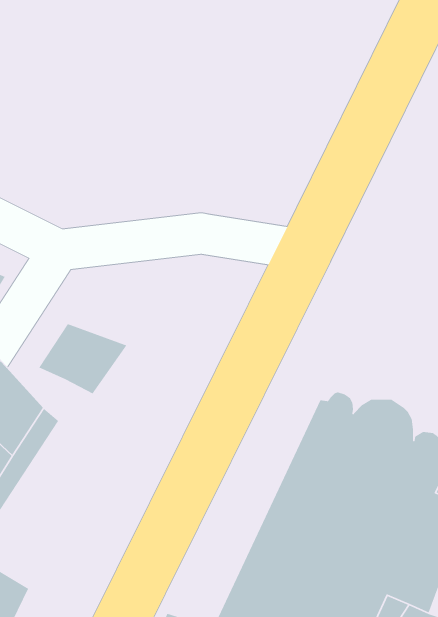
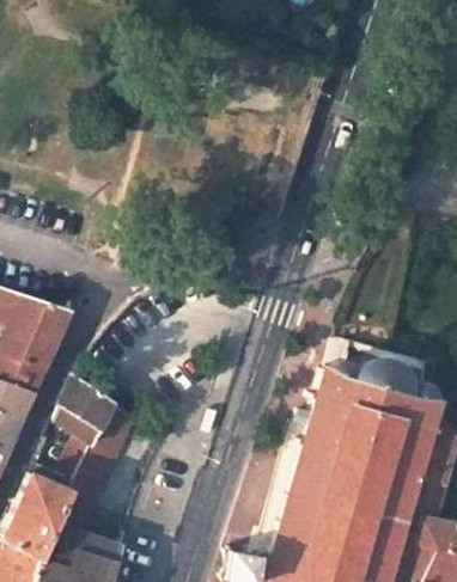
building: [38,323,128,394] -> none

